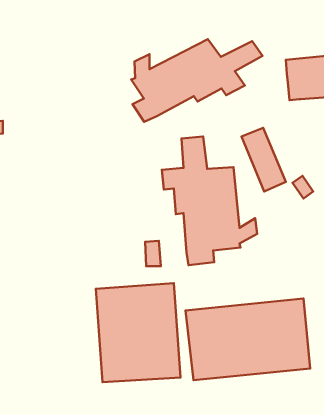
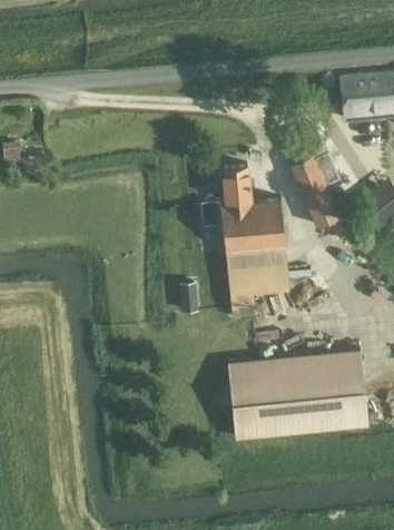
building: [131,39,262,122] -> none
building: [96,283,181,382] -> none

